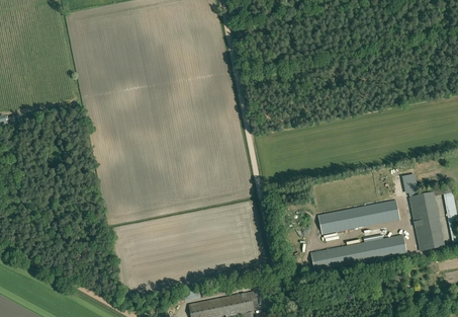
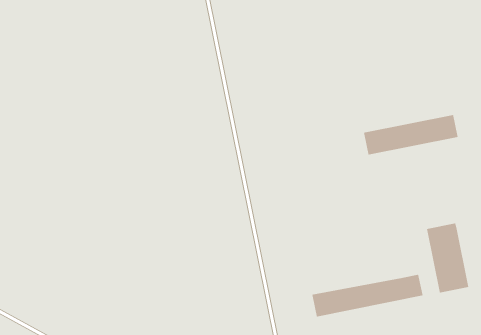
building: [318,200,399,234] -> [363,115,459,155]

